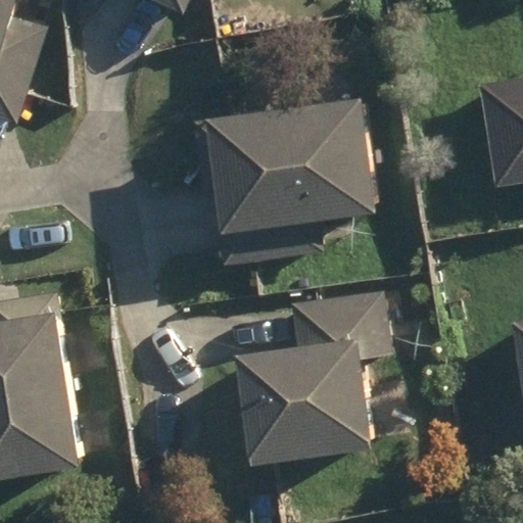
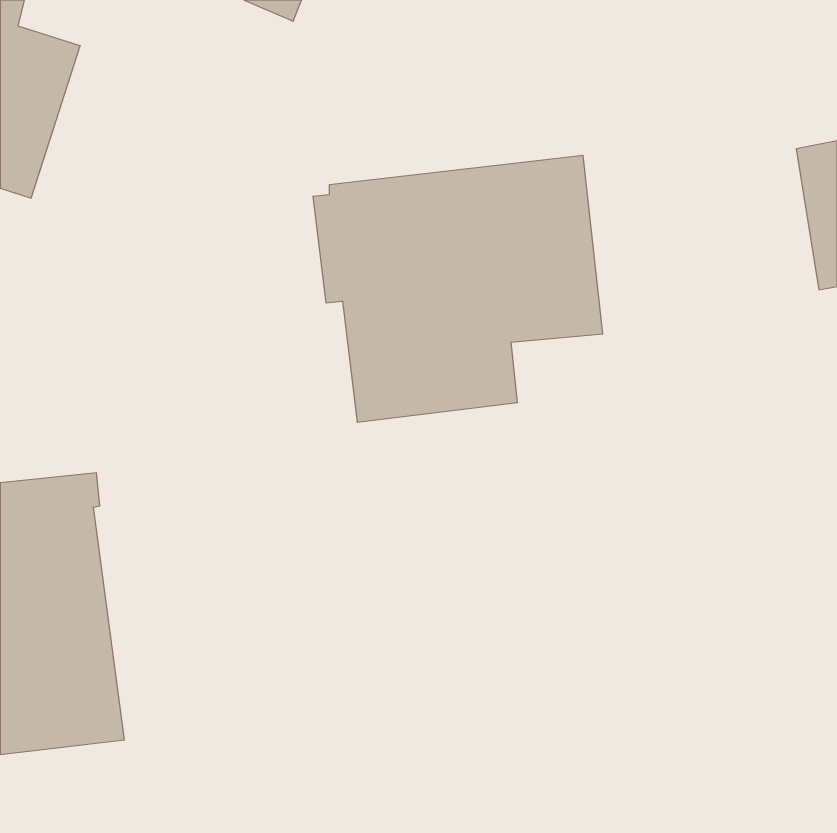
building: [234,291,391,461] -> none

